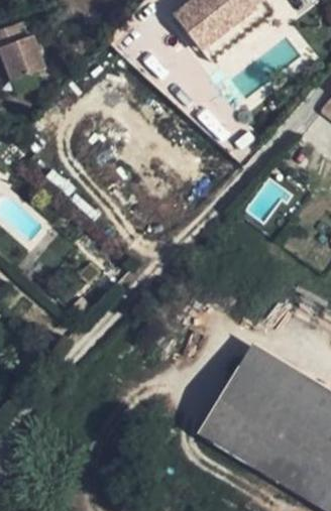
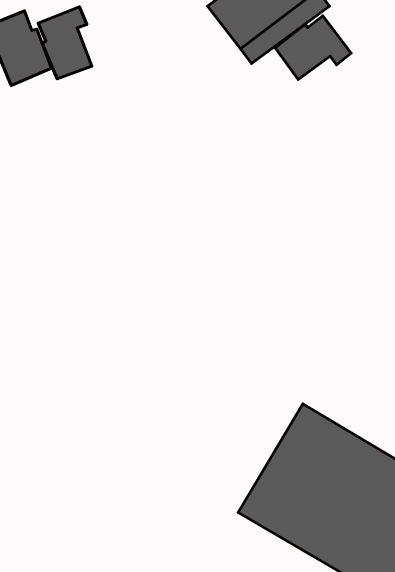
building: none -> [38,7,92,79]
building: none -> [275,16,351,79]

